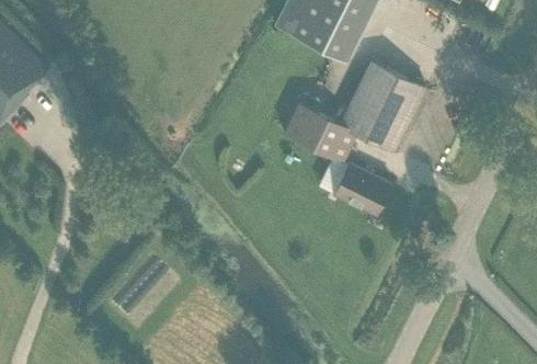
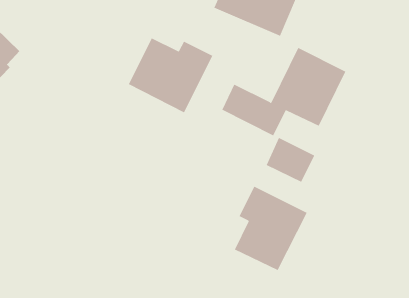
building: none -> [128,37,213,113]
building: none -> [234,186,308,271]

